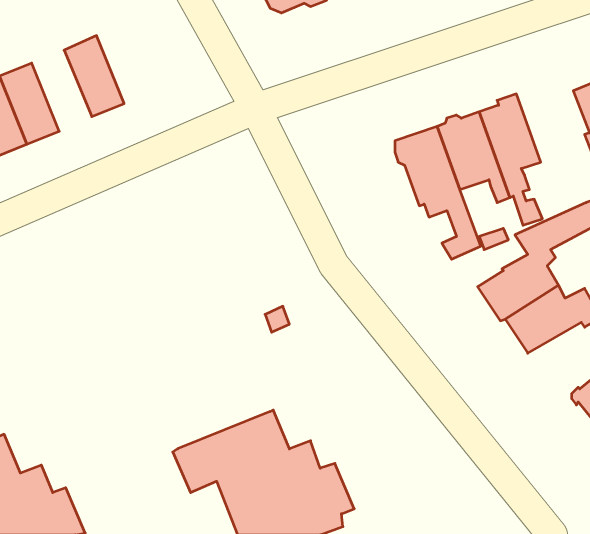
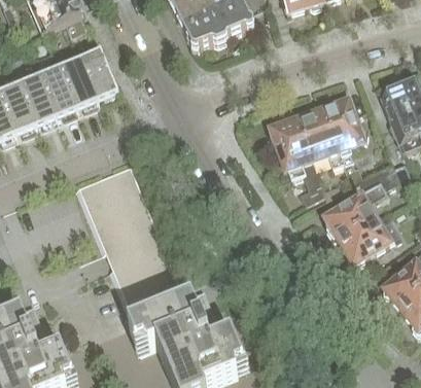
building: none -> [80,49,119,101]
building: none -> [39,67,77,118]
building: none -> [74,158,190,320]

